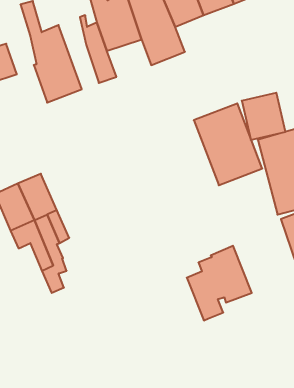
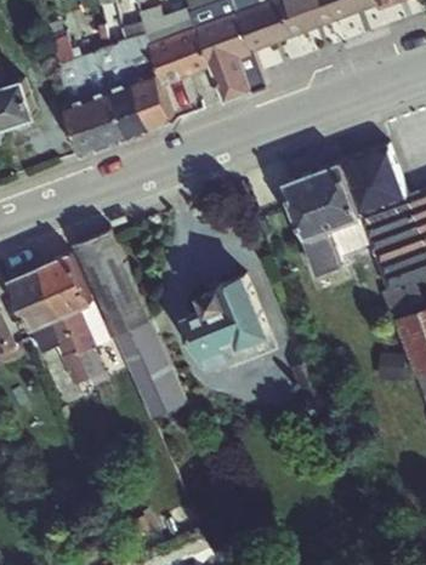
building: none -> [96,41,150,139]
building: none -> [73,232,188,421]
building: [187,246,252,320] -> [183,273,272,375]

